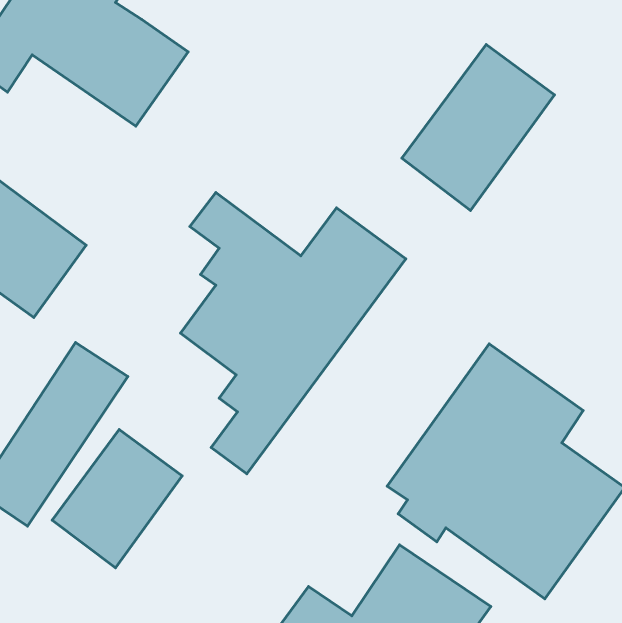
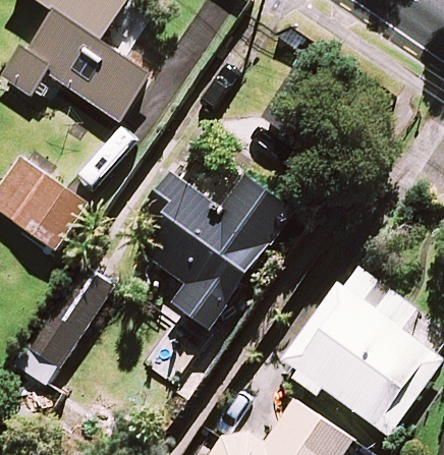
building: [402,44,555,210] -> none
building: [52,430,182,568] -> none

